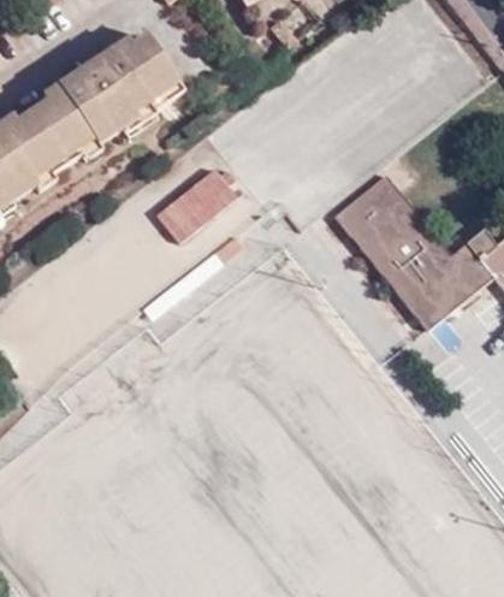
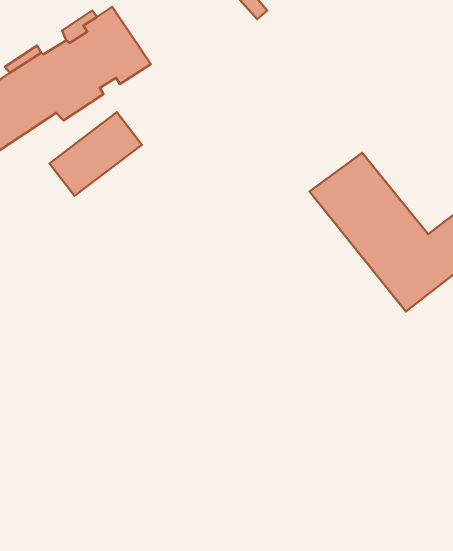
building: [152,159,241,240] -> [49,112,142,196]

